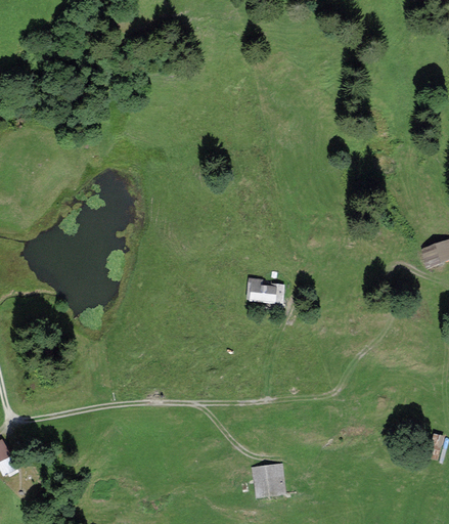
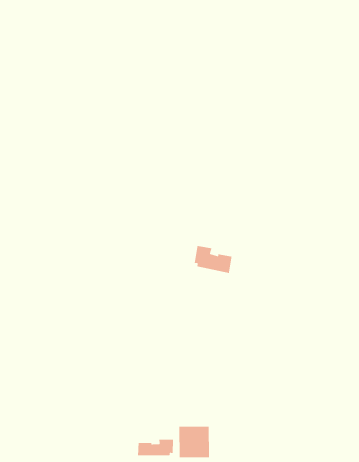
building: none -> [137,439,174,456]

